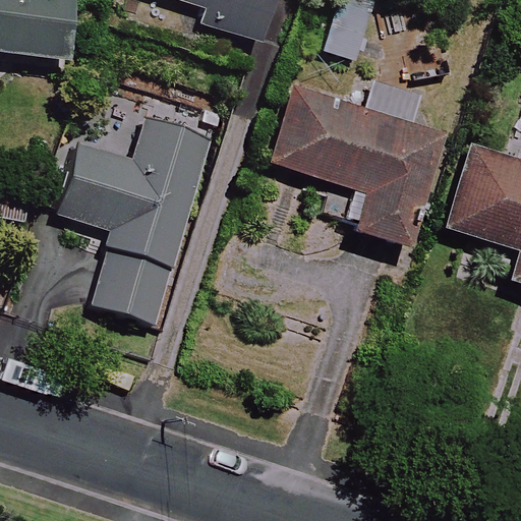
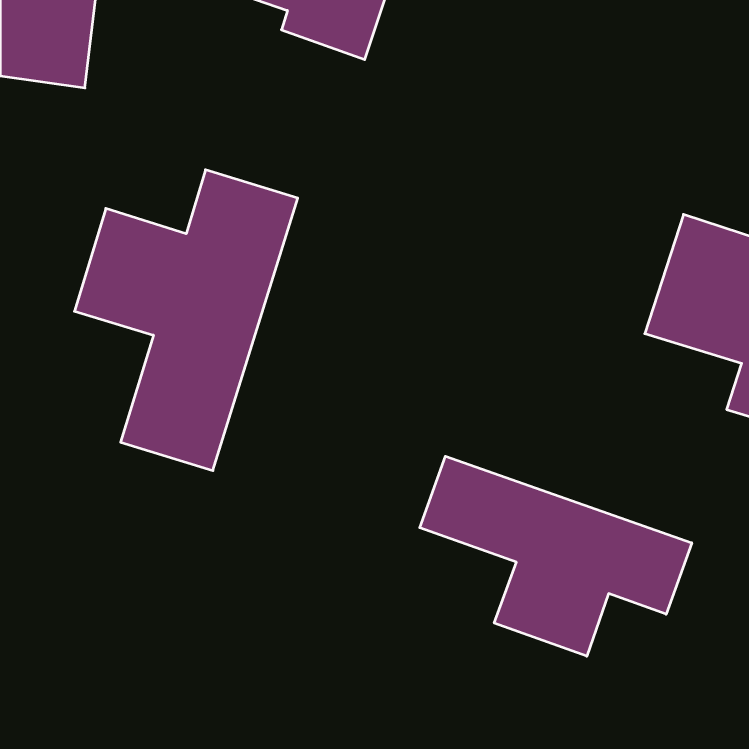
building: [271,78,442,247] -> none
building: none -> [420,456,692,656]

